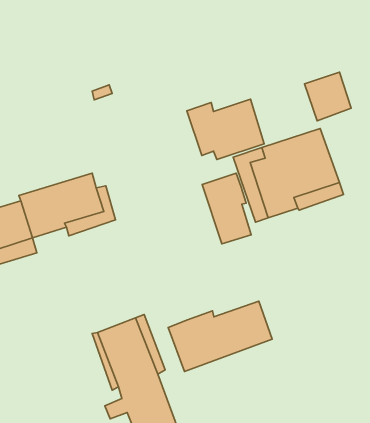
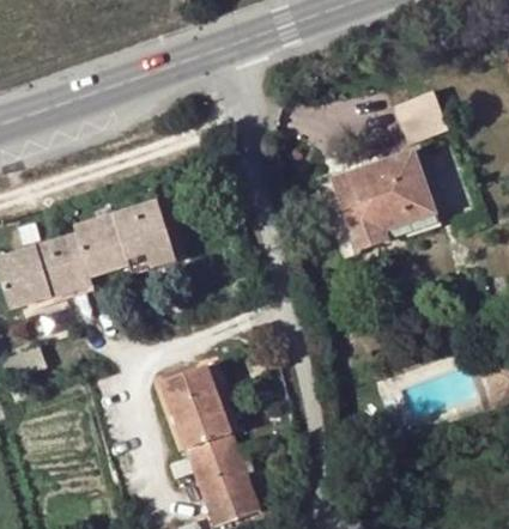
building: [187,99,264,160] -> none
building: [202,173,251,244] -> none
building: [168,301,272,371] -> none

